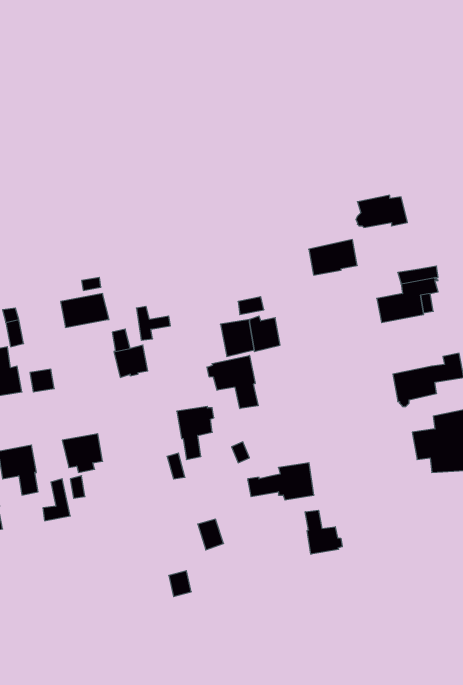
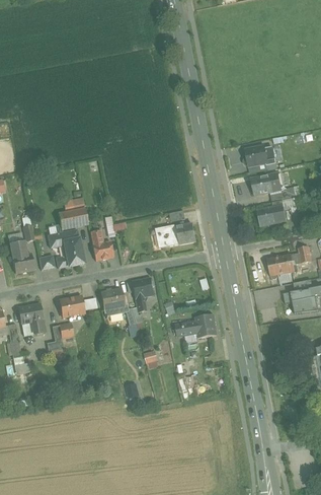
building: [309,240,357,275] -> [250,172,280,195]
building: none -> [47,228,83,267]
building: [207,355,258,409] -> none
building: none -> [100,288,125,309]
building: [305,510,342,554] -> none

